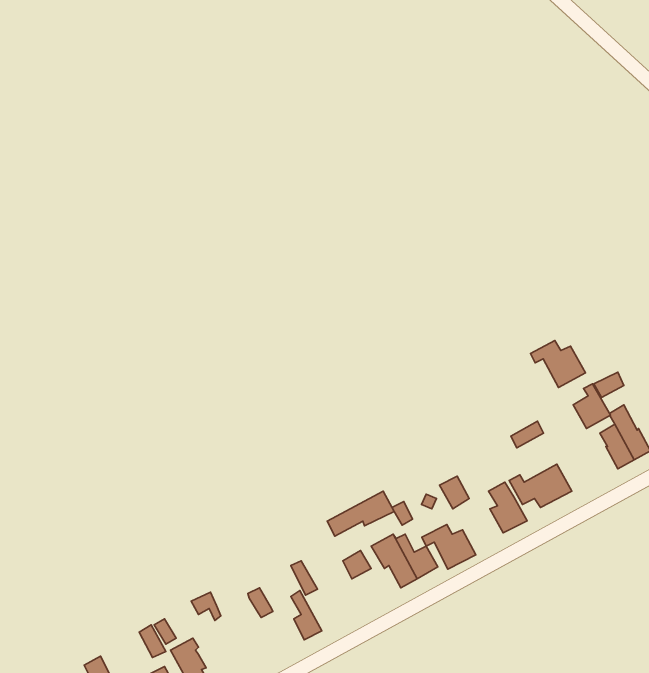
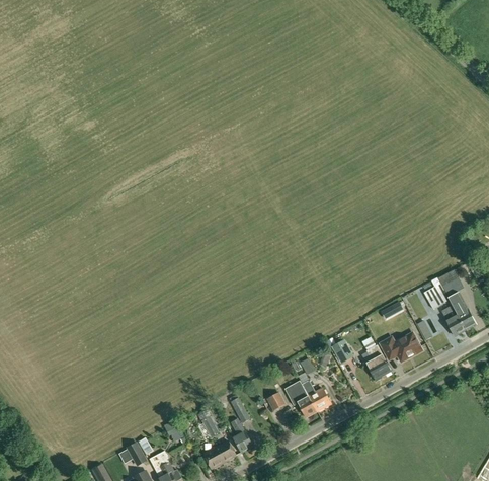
building: [530,341,586,388] -> none
building: [327,491,394,536] -> none
building: [422,525,476,569] -> none
building: none -> [203,440,236,469]

